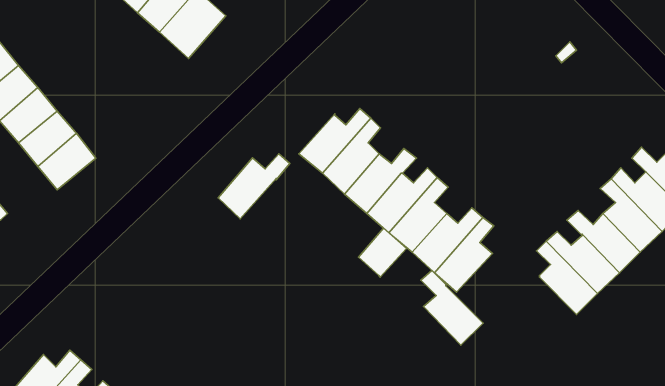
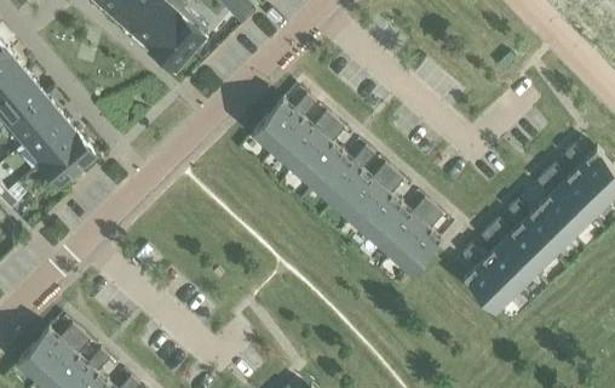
building: [218,154,290,219] -> [252,96,315,153]
building: [358,228,407,277] -> none
building: [421,271,483,345] -> [460,247,515,313]

